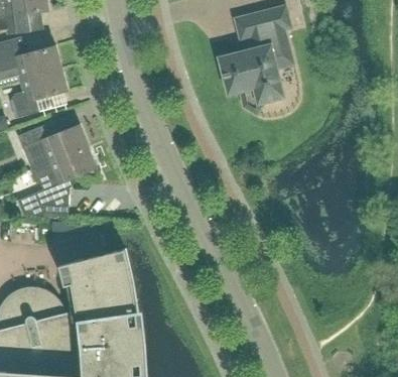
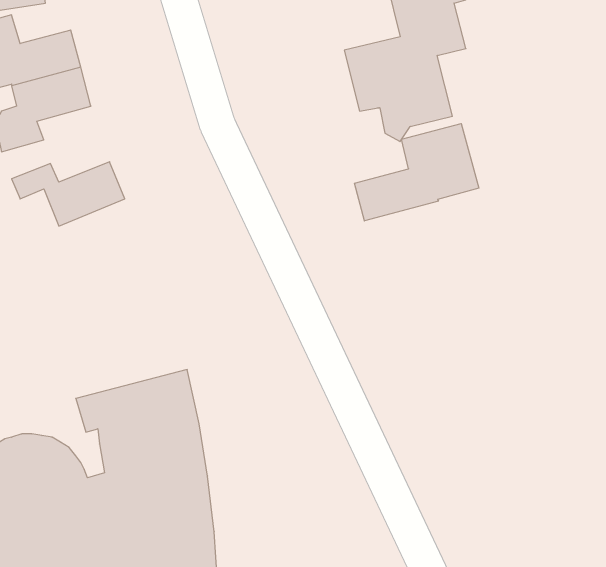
building: none -> [354,124,479,221]
building: [30,147,101,208] -> none

